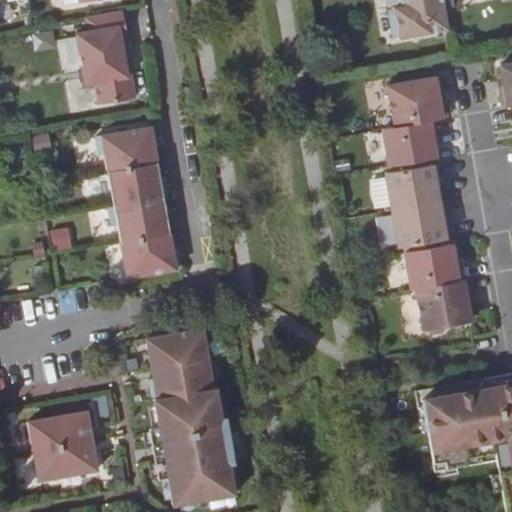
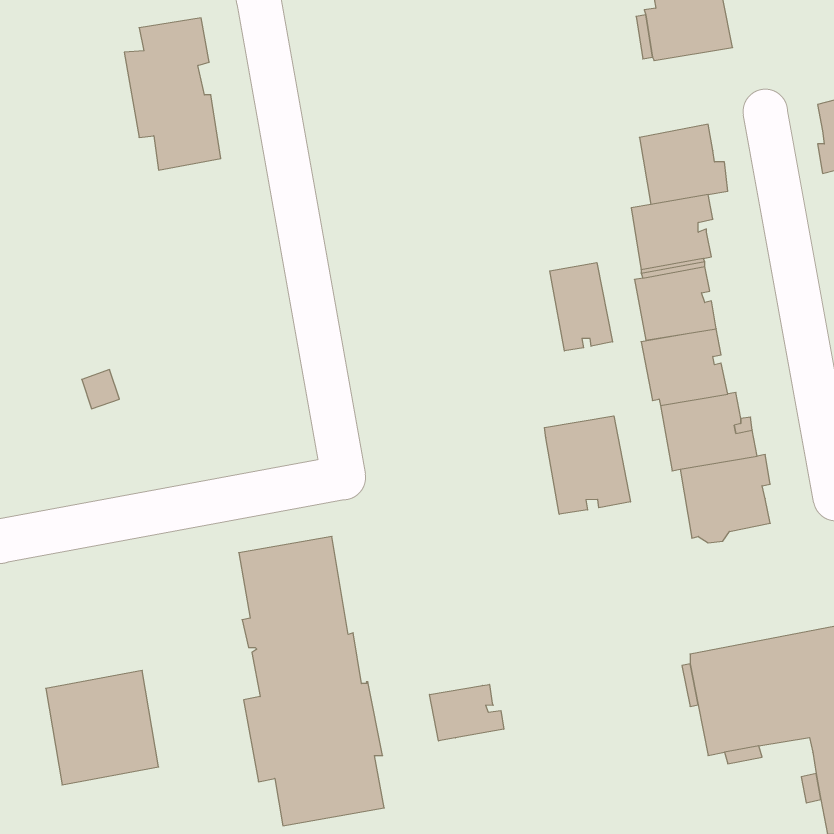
building: [97,126,181,277] -> none
building: none -> [550,263,613,351]
building: none -> [544,416,630,514]
building: none -> [430,684,504,741]

